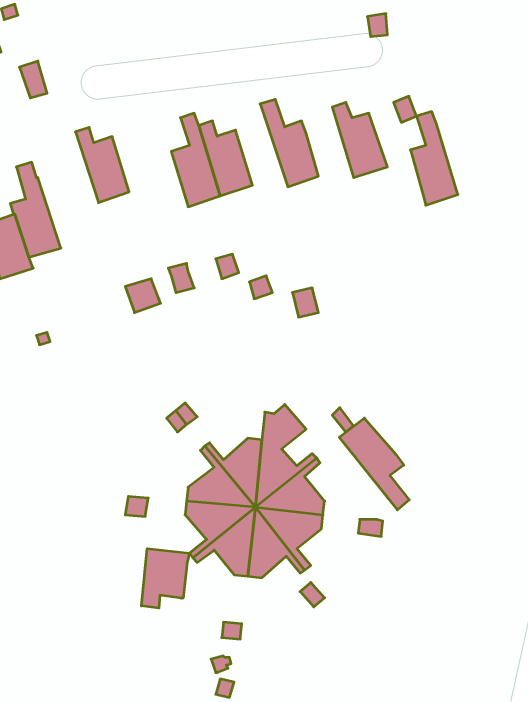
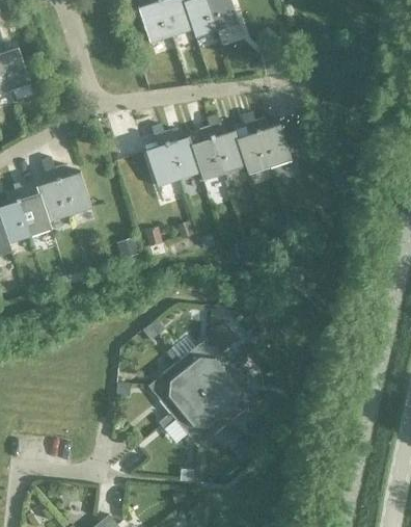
building: [410,112,458,205] -> [237,112,269,176]
building: none -> [191,128,224,182]
building: [75,127,129,203] -> [55,165,91,216]
building: [339,418,409,510] -> none
building: [141,549,190,608] -> none

